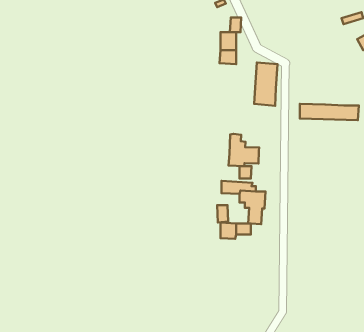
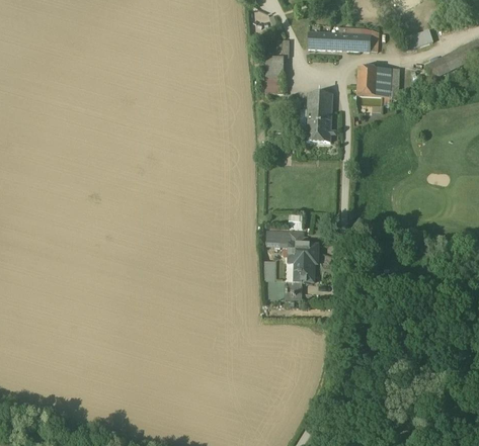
building: none -> [357,67,392,97]
building: [300,104,359,120] -> [310,31,379,51]
building: [228,134,259,166] -> none

